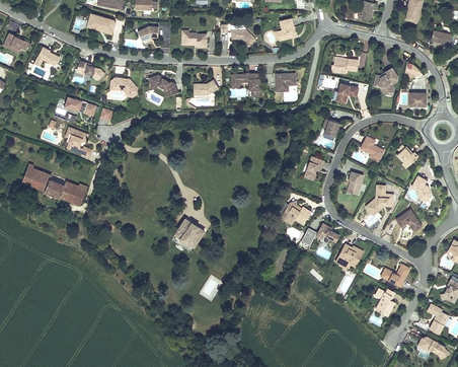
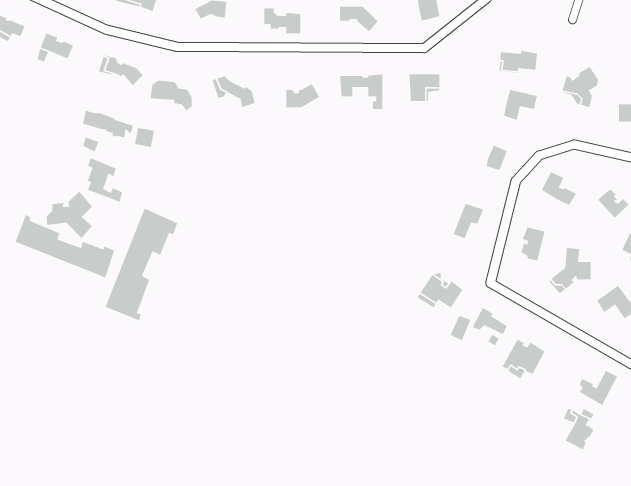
building: none -> [46,190,93,239]
building: none -> [105,208,178,321]
building: [174,218,204,246] -> none

